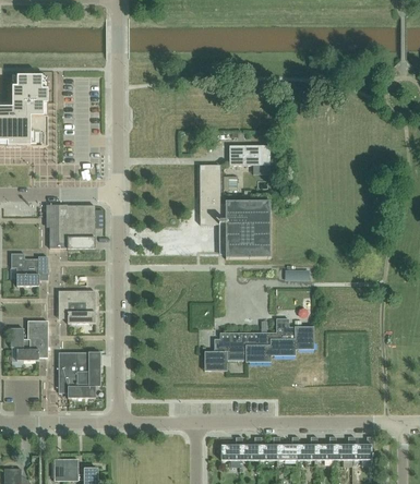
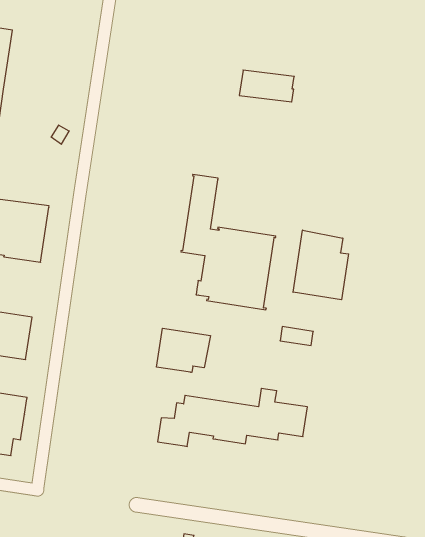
building: [229,144,269,165] -> [239,70,294,102]
building: none -> [293,230,349,300]
building: none -> [157,328,210,372]

